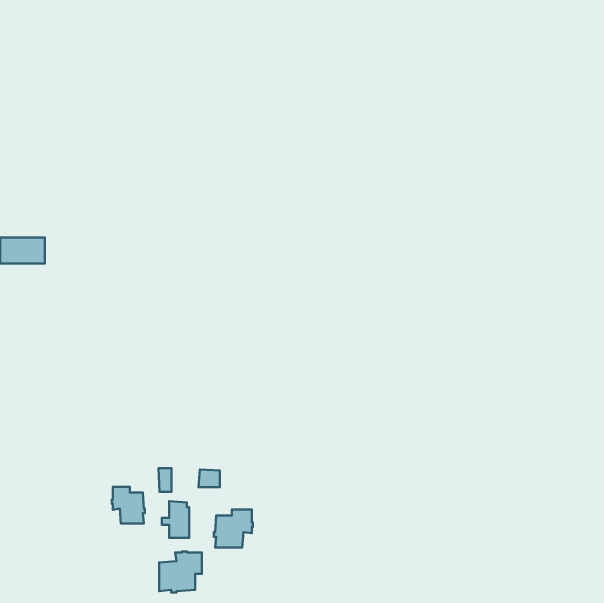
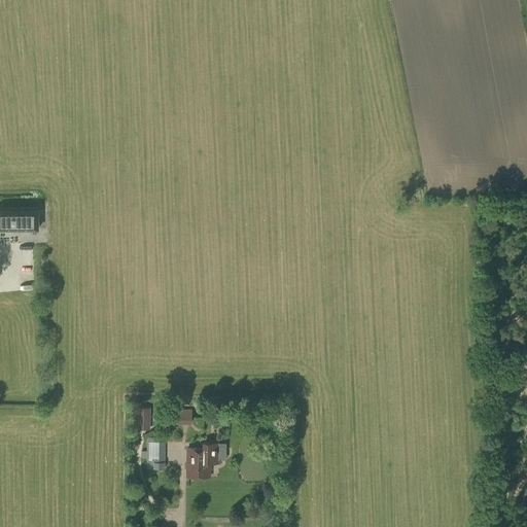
building: [112,487,145,524] -> none
building: [159,551,202,592] -> none

